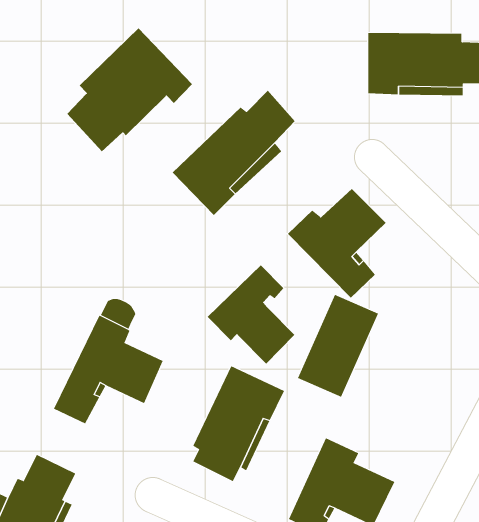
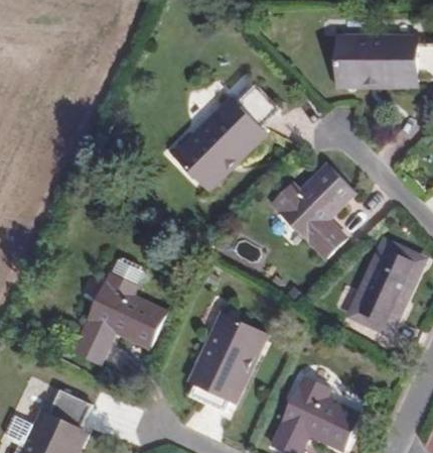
building: [67,27,193,152] -> none
building: [207,265,295,364] -> none
building: [297,294,379,397] -> [350,243,419,330]

